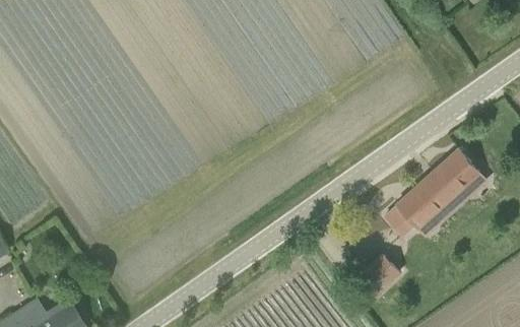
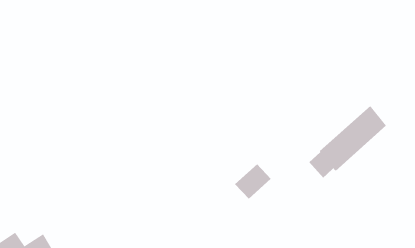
building: [355,255,400,298] -> [234,164,272,199]

